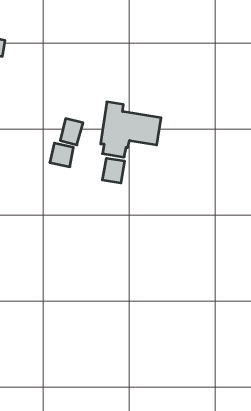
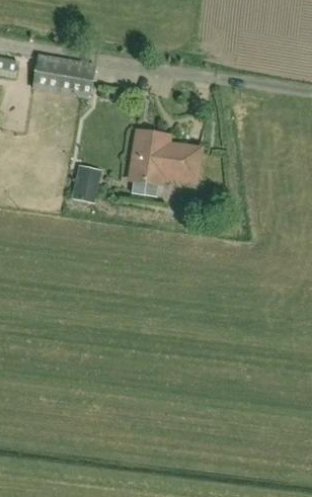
building: none -> [31,55,94,96]
building: [102,158,124,183] -> none

